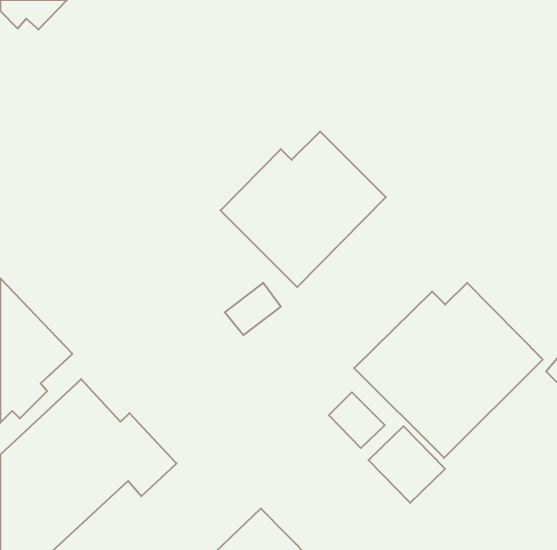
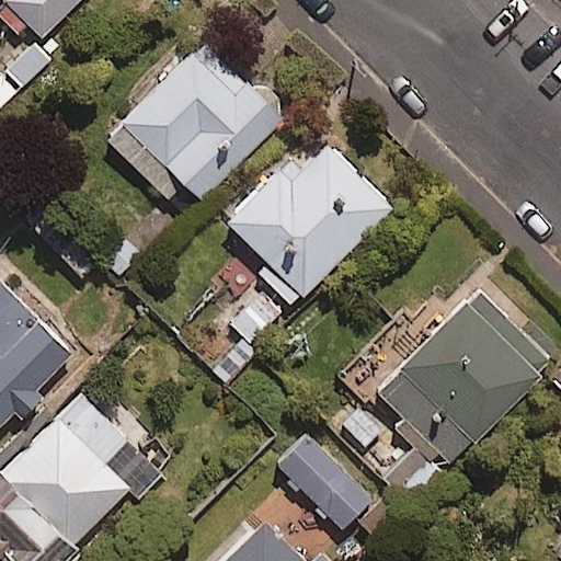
building: none -> [102,31,290,202]
building: none -> [276,431,397,540]

